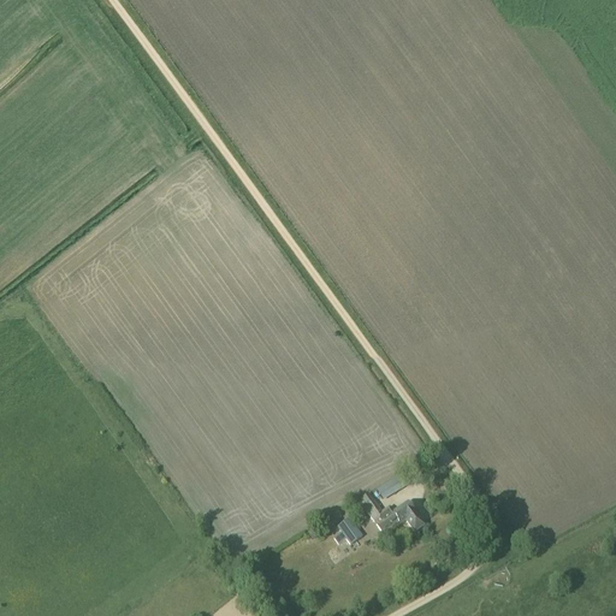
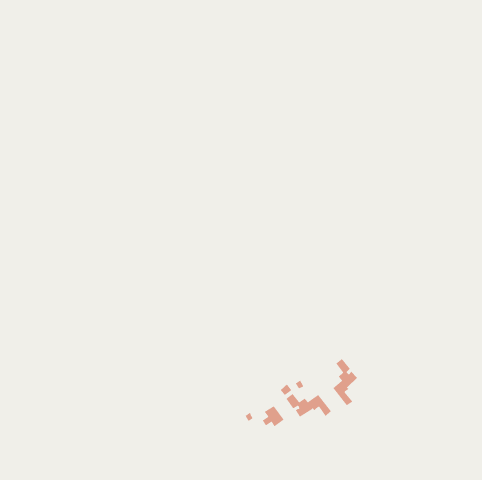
building: none -> [333,358,358,406]

